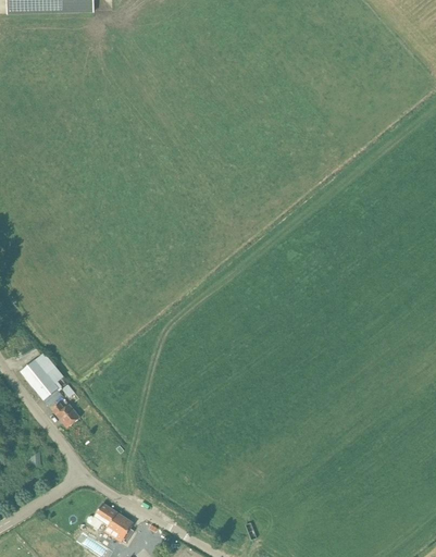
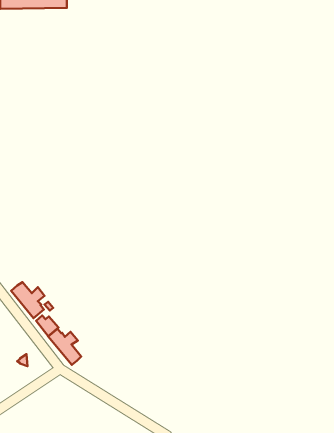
building: none -> [48,329,81,365]
building: [87,503,134,541] -> none

